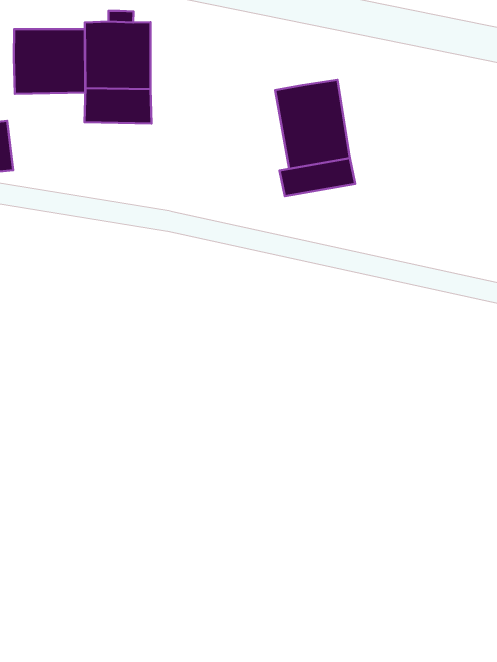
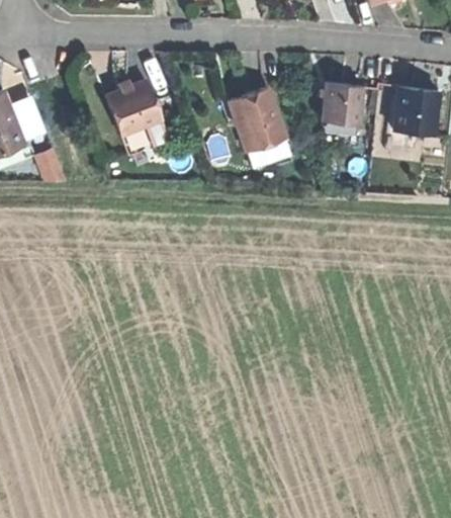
building: [14,29,85,94] -> none
building: none -> [324,85,365,123]

